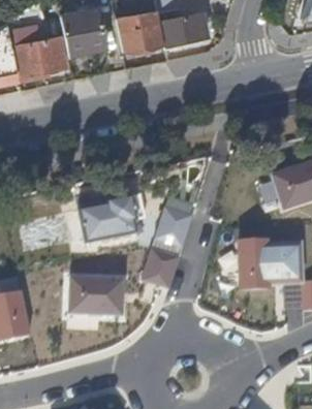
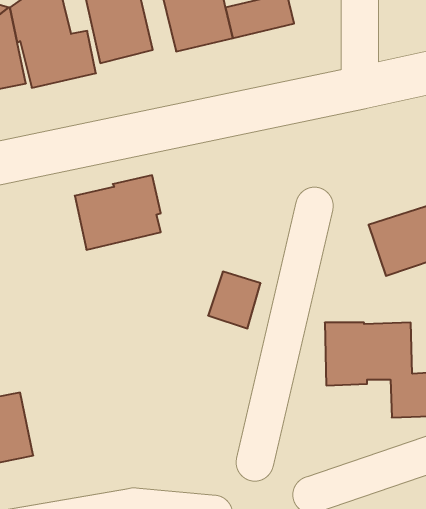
building: [76,192,137,245] -> [75,175,161,250]
building: [142,248,180,288] -> none
building: [68,276,122,315] -> none

